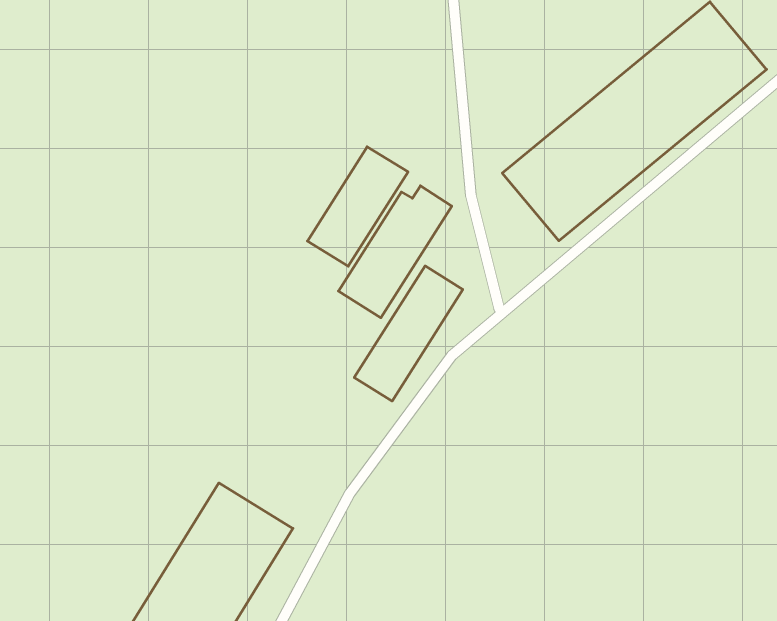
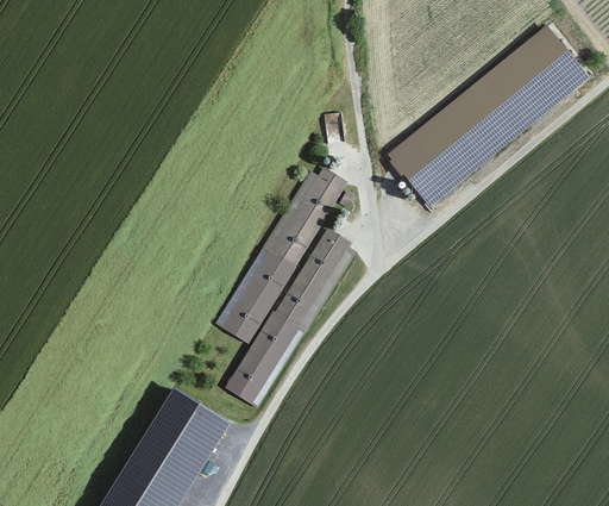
building: [307,147,408,266] -> [215,250,291,341]
building: none -> [227,314,301,404]

